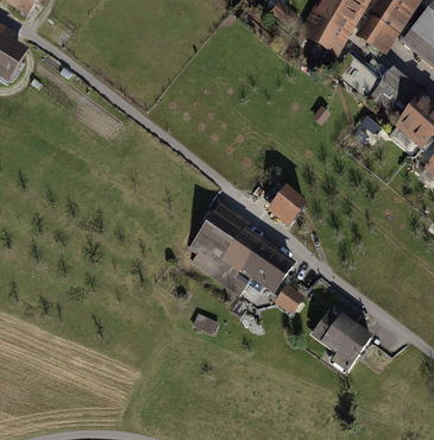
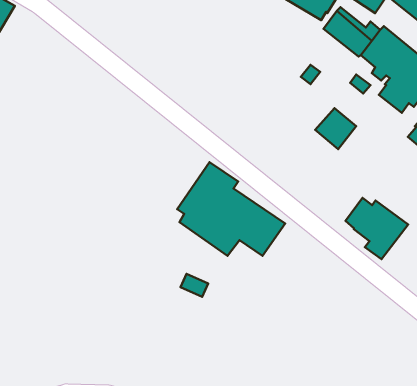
building: [266,186,307,226] -> [315,108,356,149]
building: [275,282,306,314] -> none
building: [312,310,373,371] -> [346,198,408,259]

